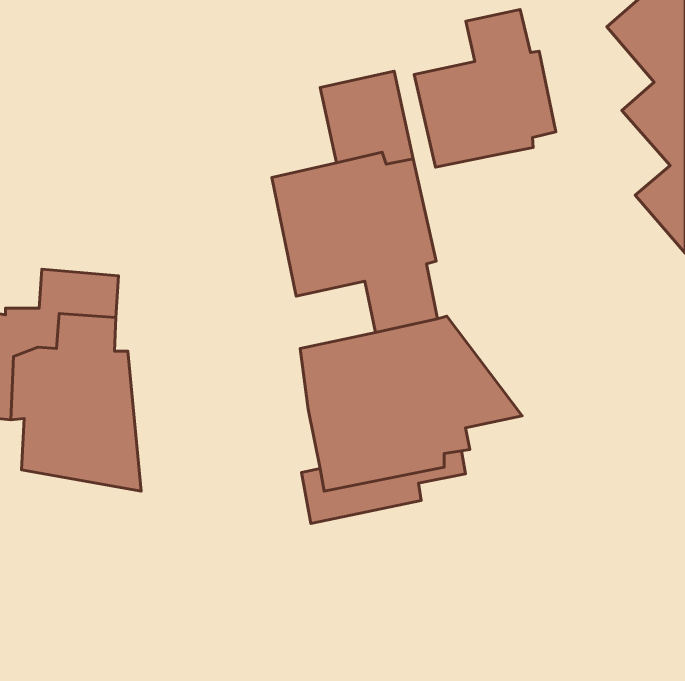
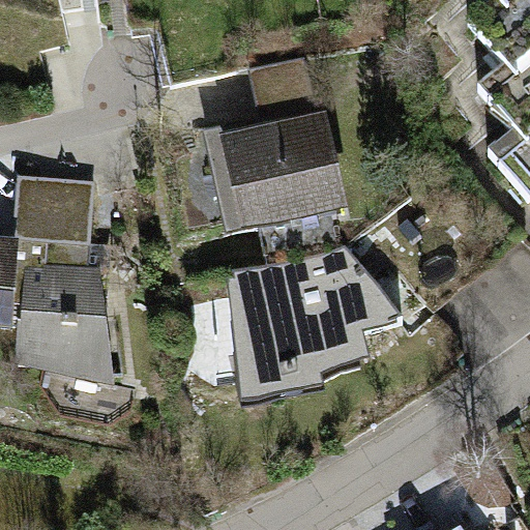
building: [414,10,556,167] -> none

